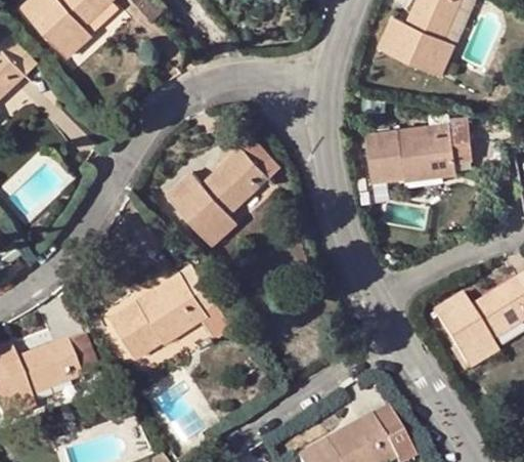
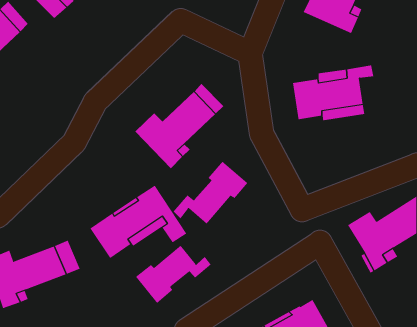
building: none -> [173,161,248,225]
building: none -> [135,245,211,304]

